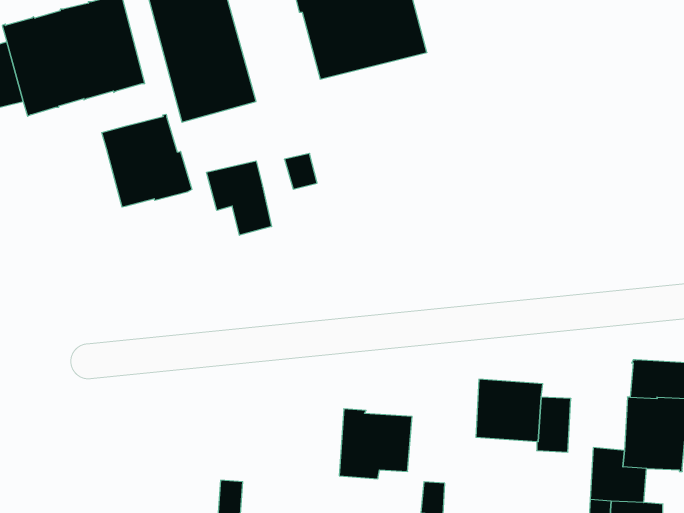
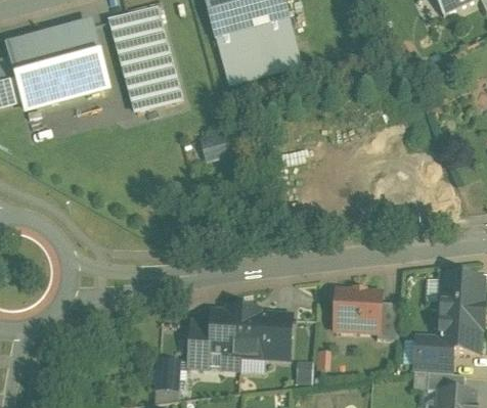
building: [102,114,192,207] -> none
building: [207,161,272,235] -> none
building: none -> [190,309,245,369]

